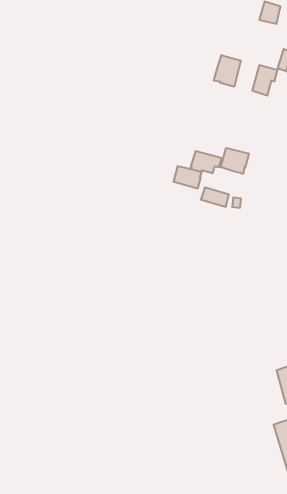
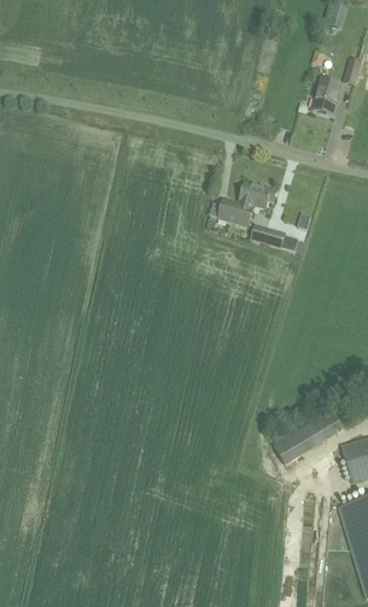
building: [214,55,241,87] -> none
building: [221,148,249,174] -> none
building: none -> [274,409,343,462]

